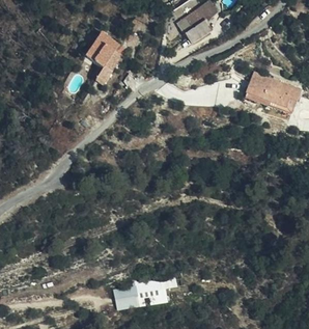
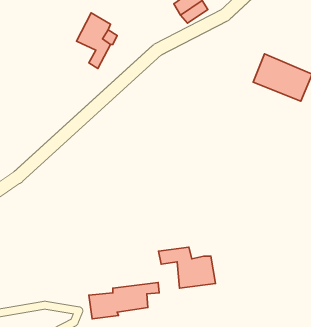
building: none -> [159,247,216,288]

